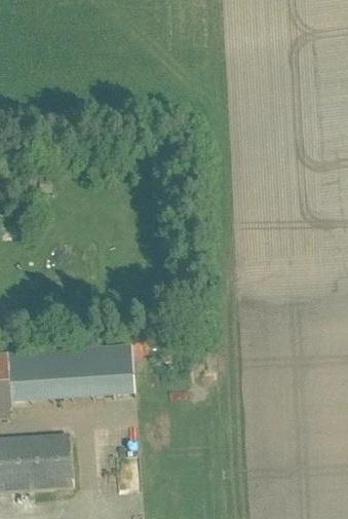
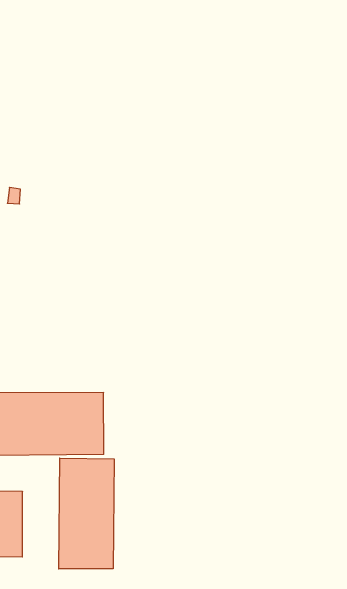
building: none -> [59,458,114,569]

